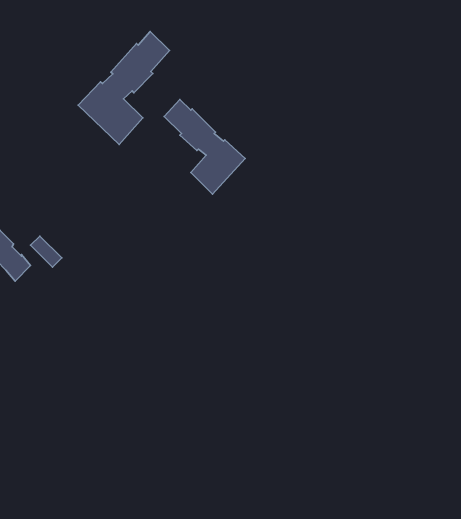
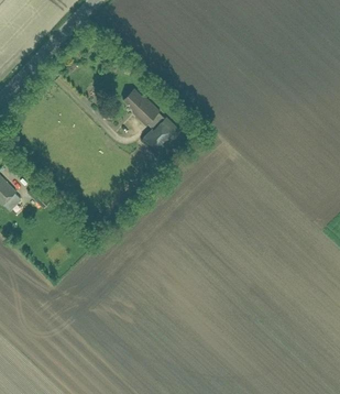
building: [78,32,170,145] -> none

